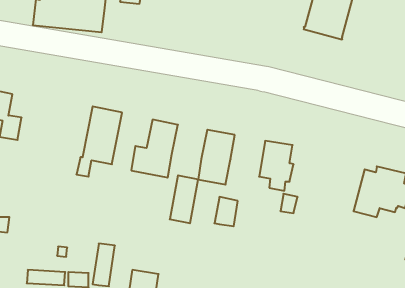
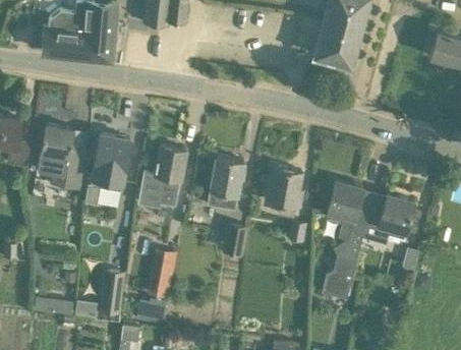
building: none -> [38,125,85,190]
building: none -> [322,181,373,299]
building: [170,175,198,223] -> [148,251,176,299]

